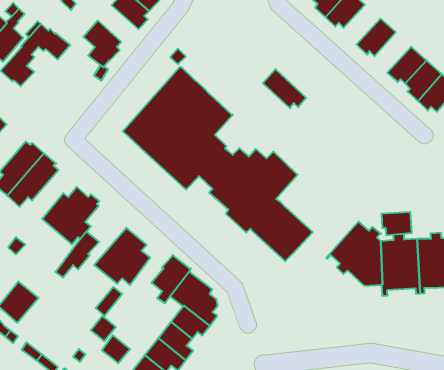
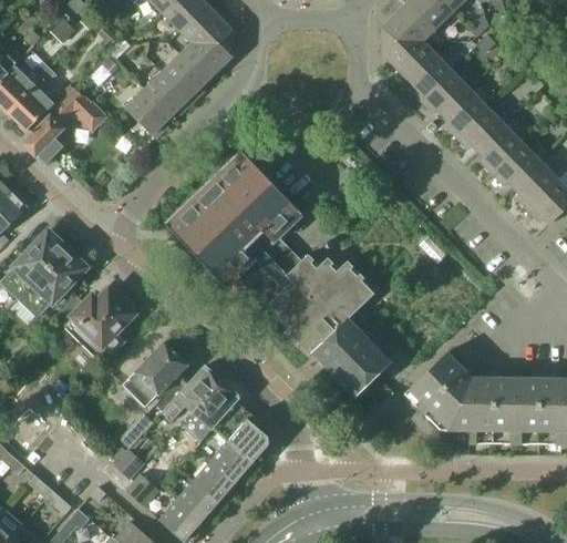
building: none -> [442,89,487,136]
building: none -> [144,71,193,116]
building: none -> [477,124,523,173]
building: [263,69,306,108] -> none
building: [382,212,411,235] -> none
building: [55,231,99,278] -> [163,366,218,420]

